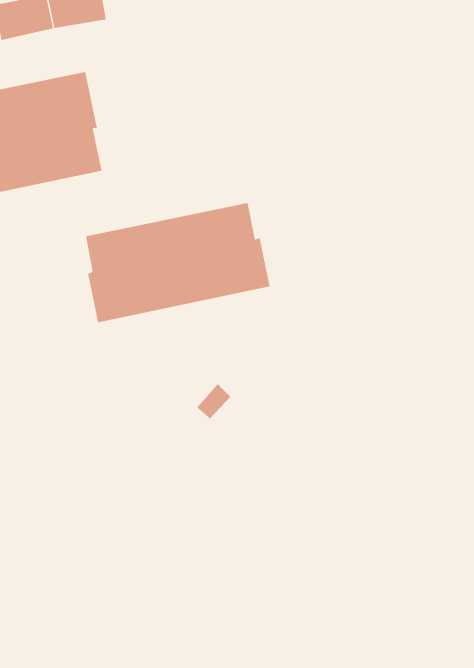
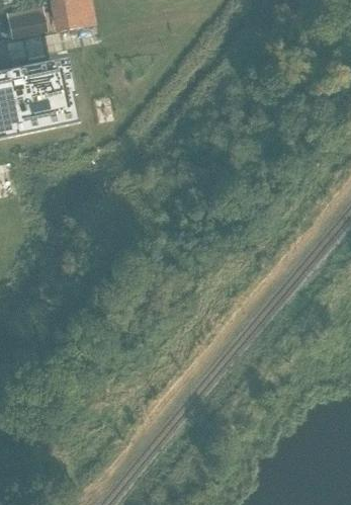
building: [85,202,270,323] -> none

